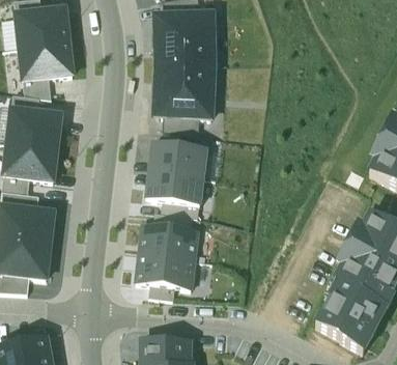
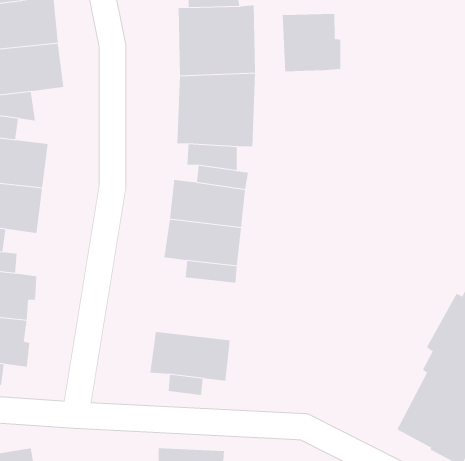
building: none -> [282,13,341,72]
building: [140,224,198,259] -> none

